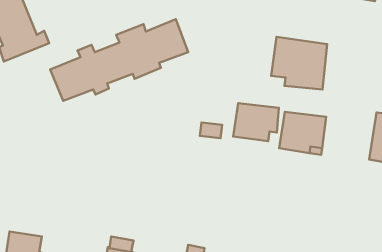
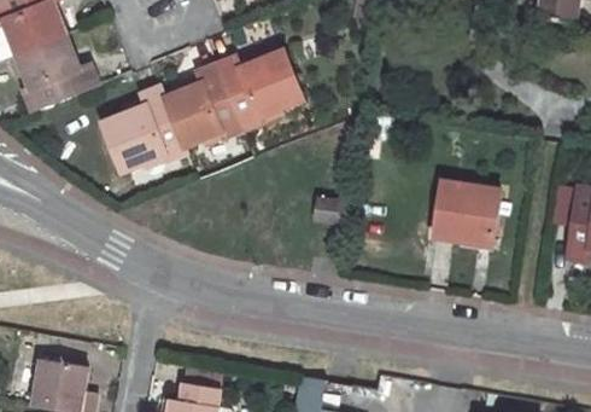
building: [271,37,327,90] -> none
building: [233,103,279,141] -> none

